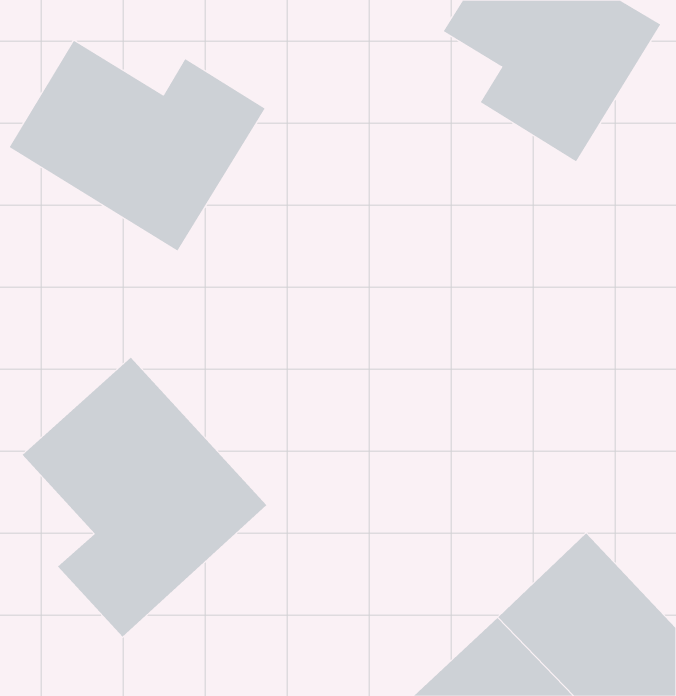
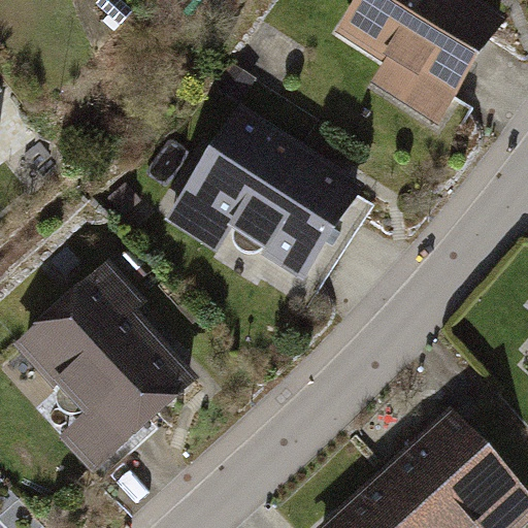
building: [9,40,266,251] -> none
building: none -> [174,117,366,299]

